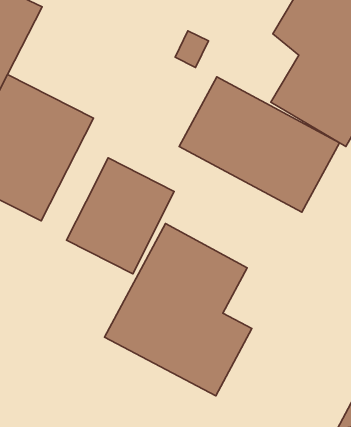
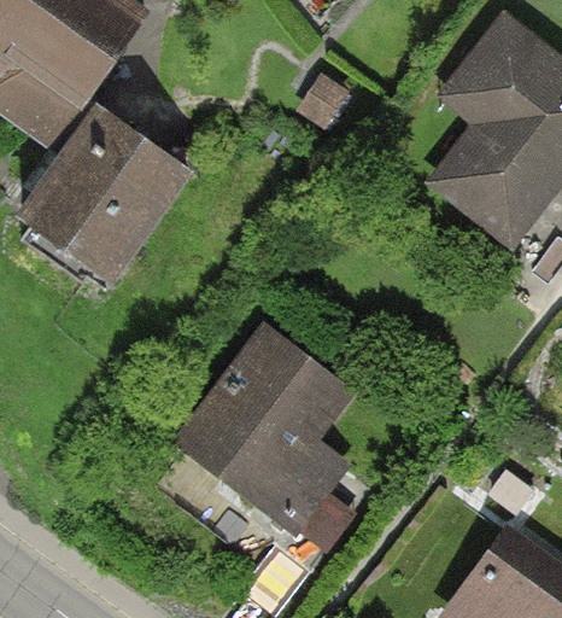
building: [179,77,339,212] -> none
building: [67,158,174,274] -> none

